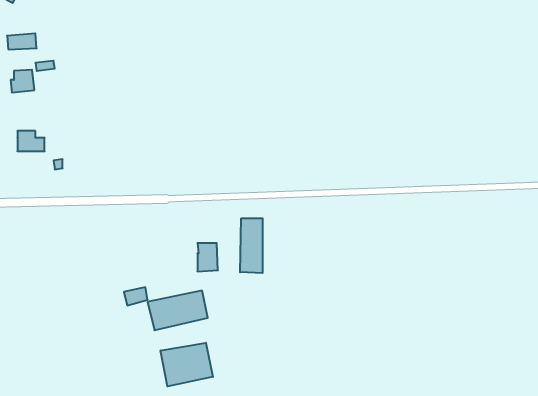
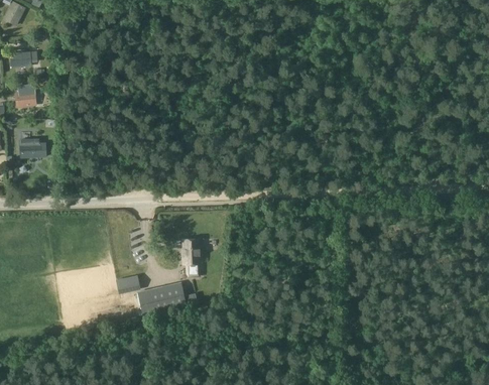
building: [240,218,263,273] -> none
building: [161,343,213,386] -> none

